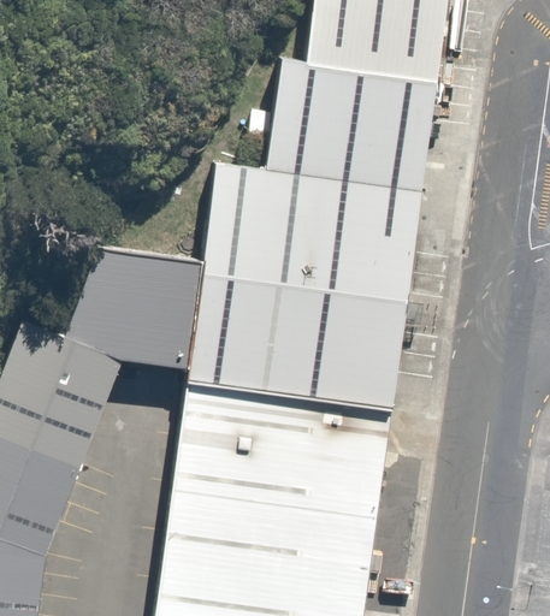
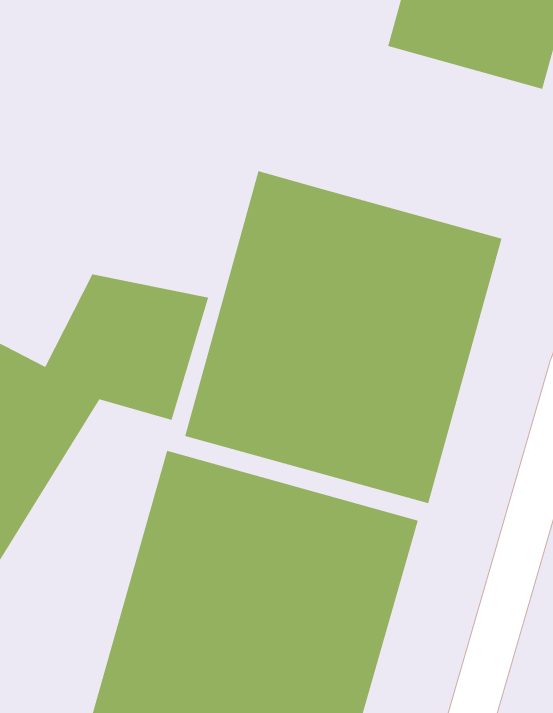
building: [288,51,446,188] -> none

